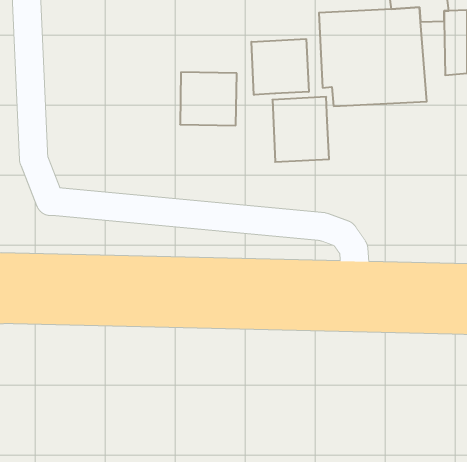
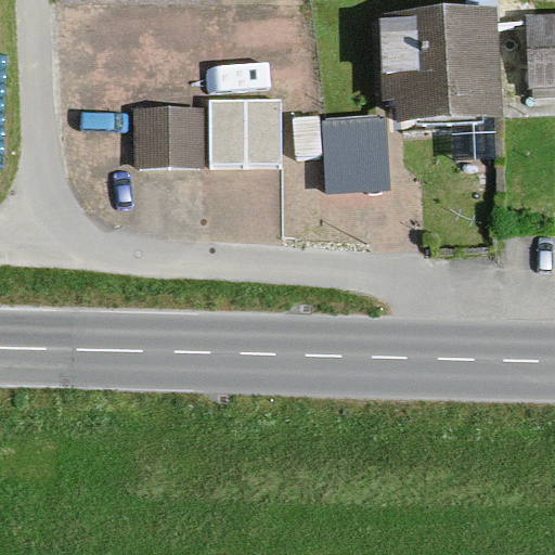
building: [251,39,309,95] -> none
building: none -> [134,106,204,168]

